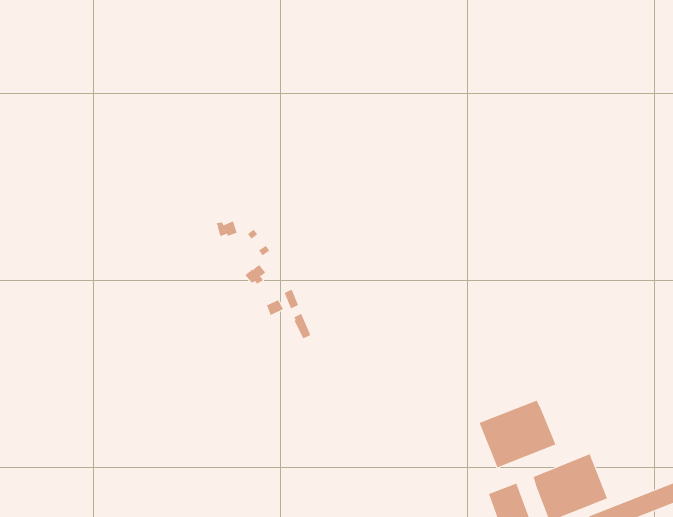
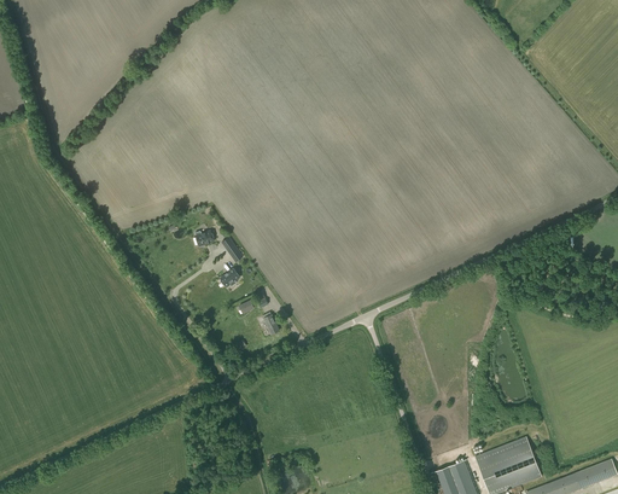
building: [479,400,556,468] -> none

